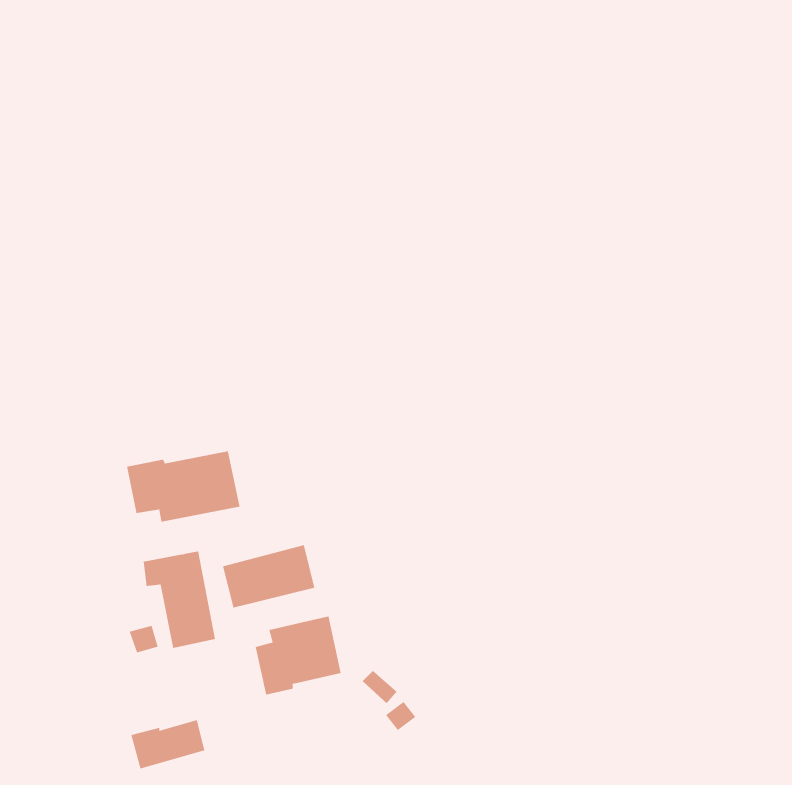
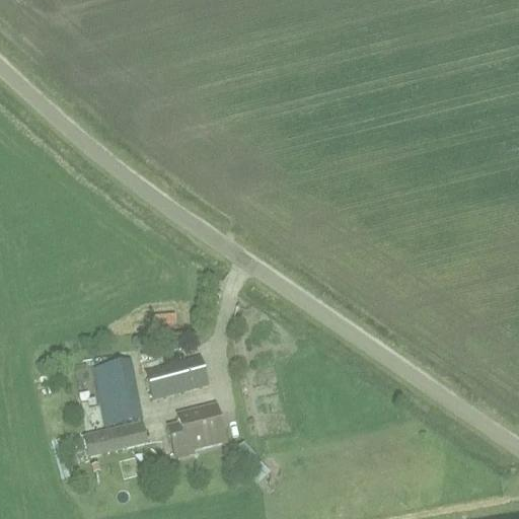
building: [127,451,240,523] -> none
building: [131,719,205,769] -> [83,424,132,456]

